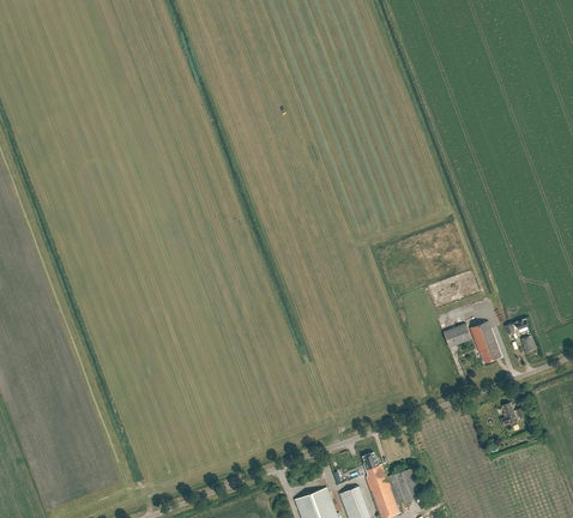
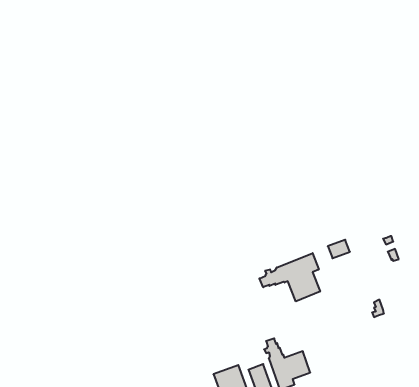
building: [469,321,500,362] -> none
building: none -> [259,253,320,301]

